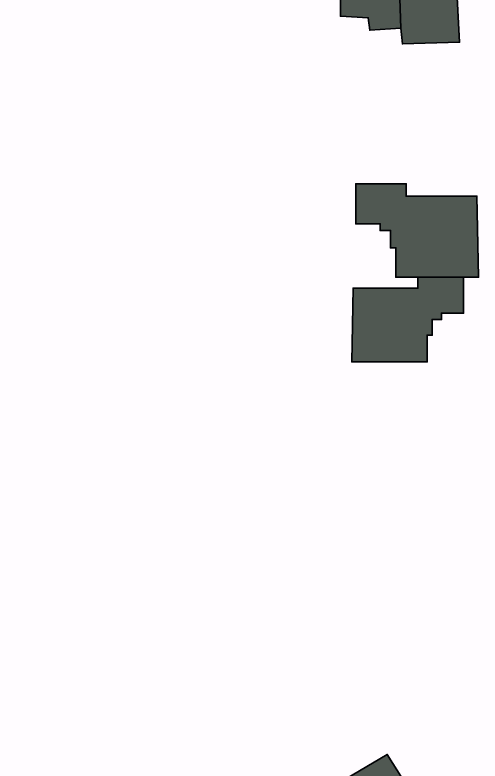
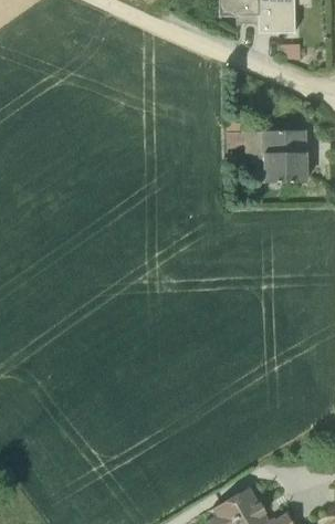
building: [352,277,464,362] -> none

